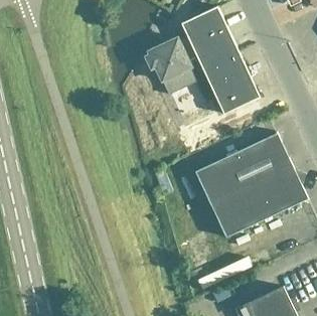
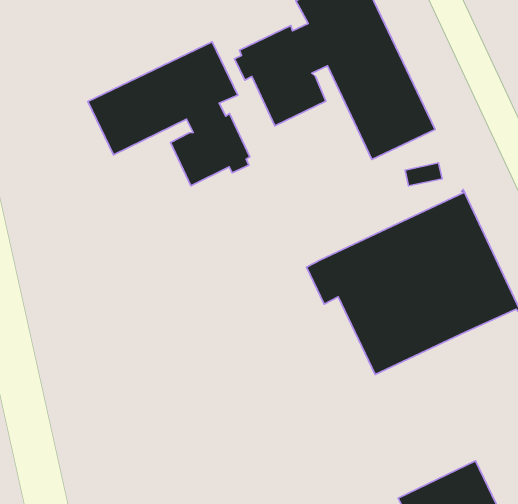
building: none -> [88,42,250,186]

